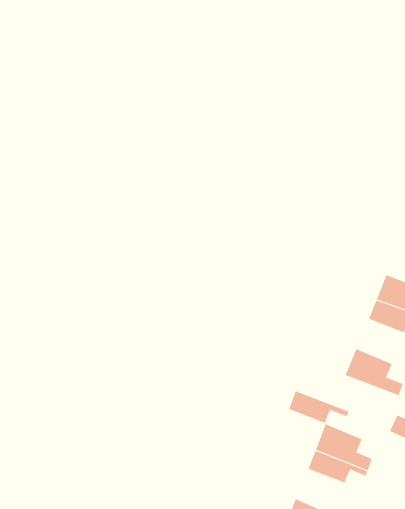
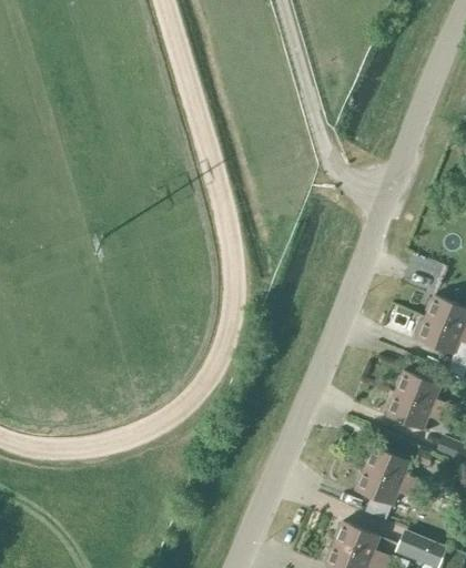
building: [289,390,349,424] -> [386,397,447,430]

